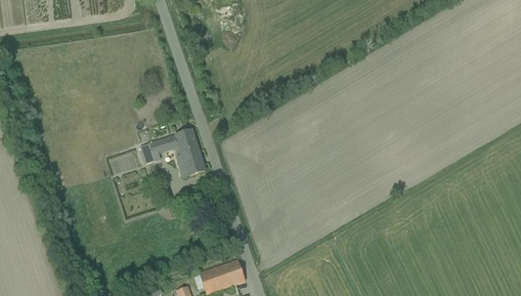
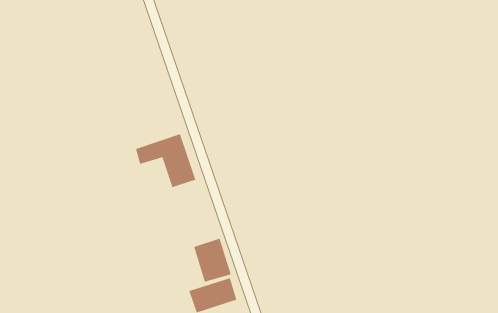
building: none -> [194,238,232,283]

